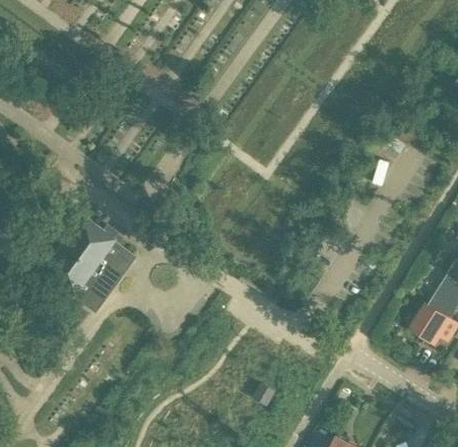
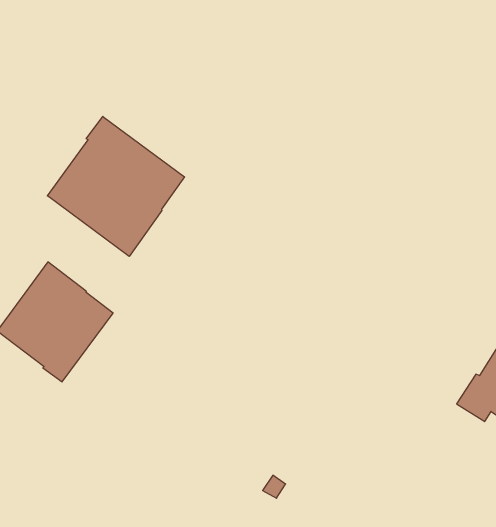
building: none -> [47,116,185,256]

